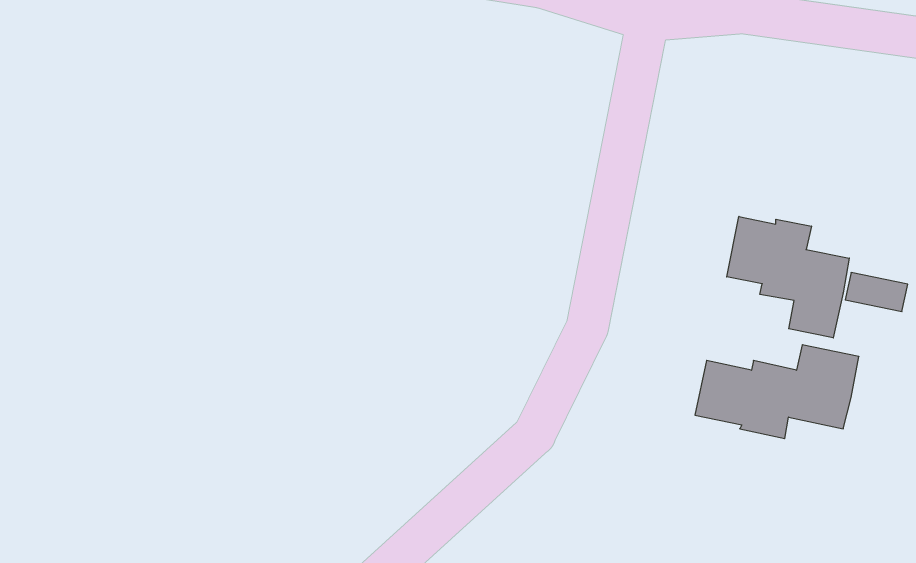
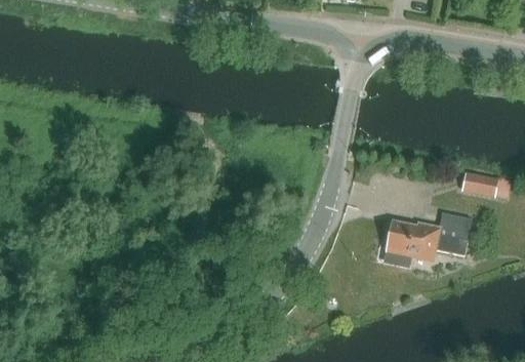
building: [727,216,849,338] -> none

